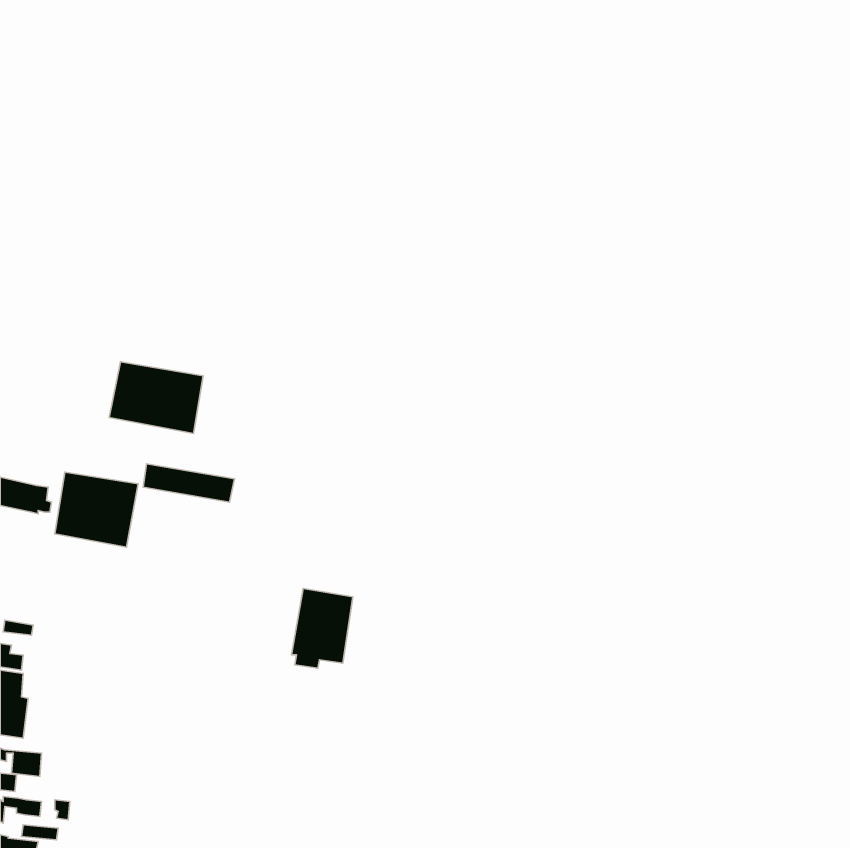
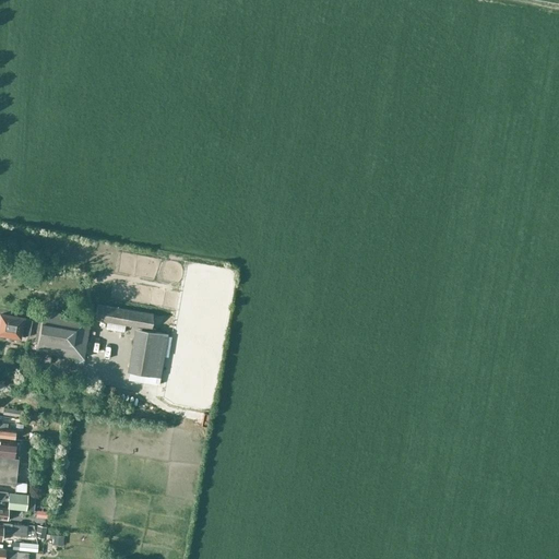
building: [109,362,203,434] -> none
building: [291,588,353,668] -> [127,330,167,382]

